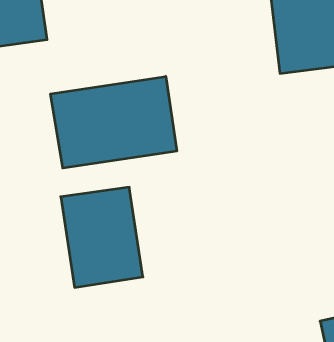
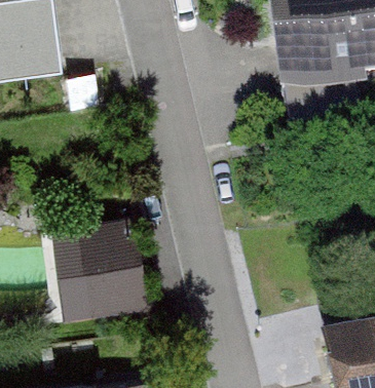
building: [51,76,177,168] -> none

